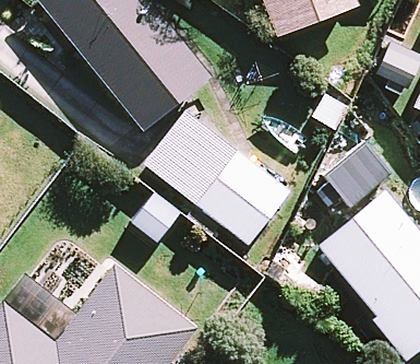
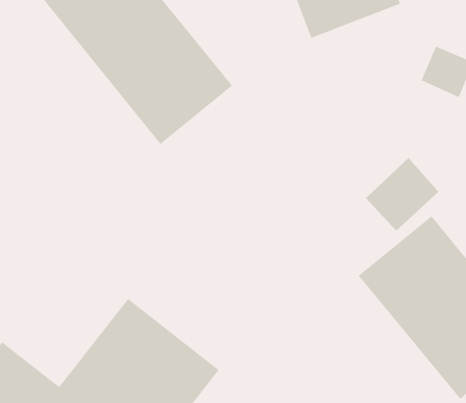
building: [144,111,287,244] -> none

